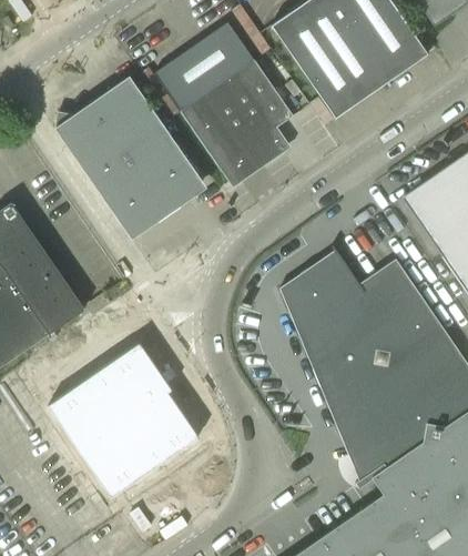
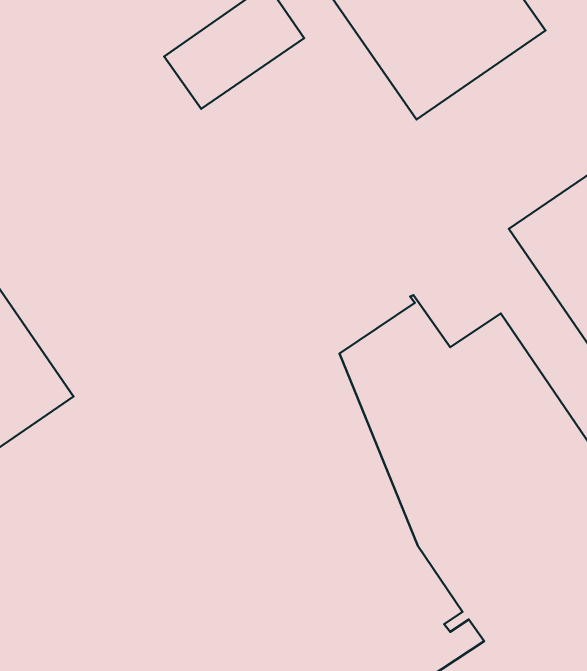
building: [181,60,294,188] -> none
building: [57,77,200,232] -> none
building: [49,343,200,497] -> none

